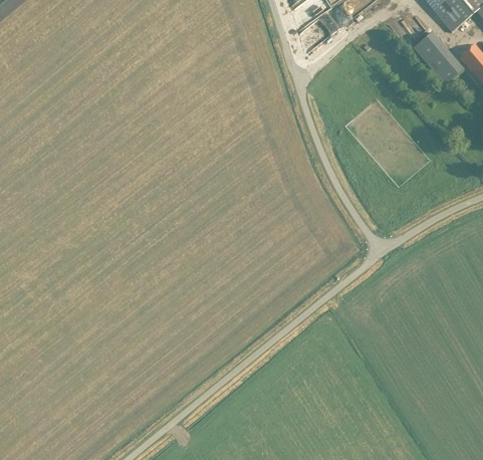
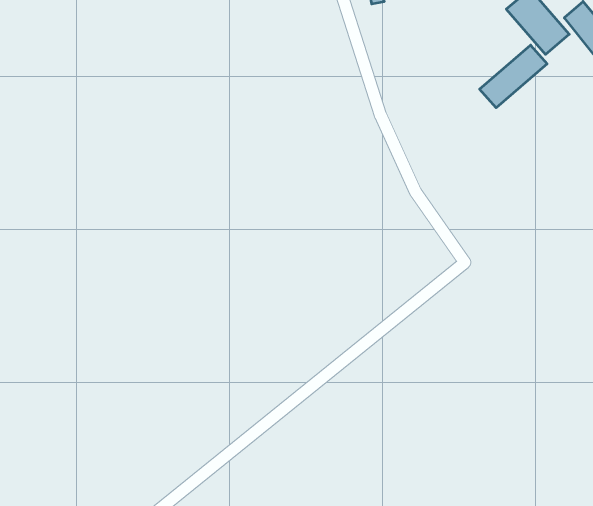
building: none -> [480,45,547,108]

